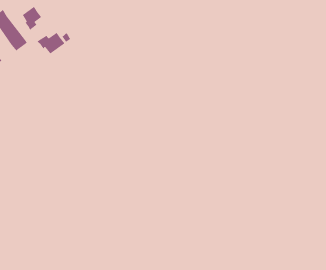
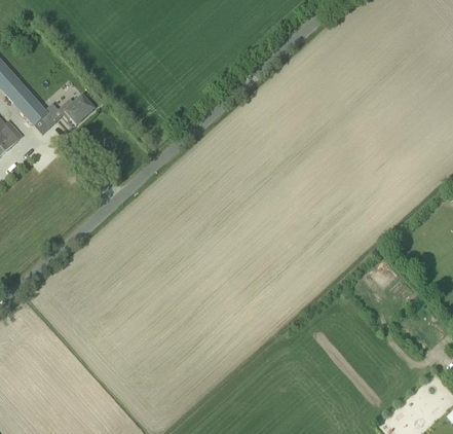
building: [22,6,42,31] -> none

